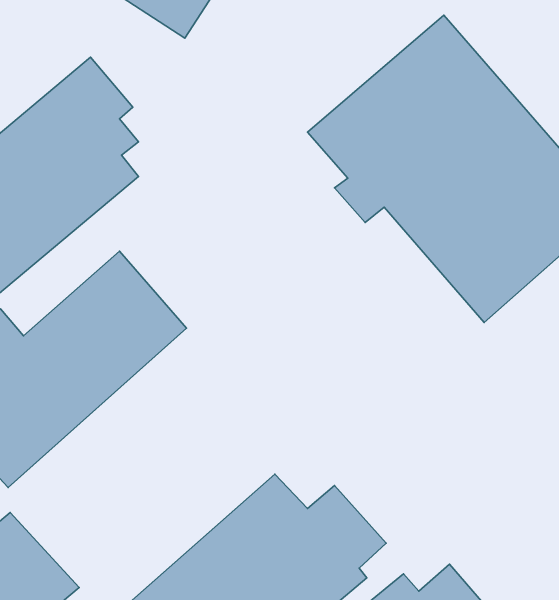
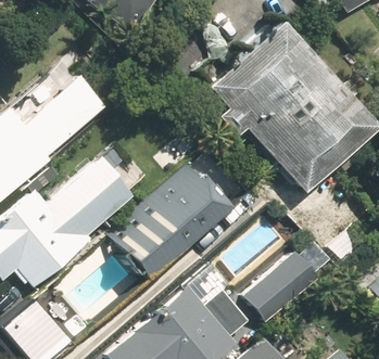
building: none -> [112,158,237,280]
building: none -> [245,251,321,323]

